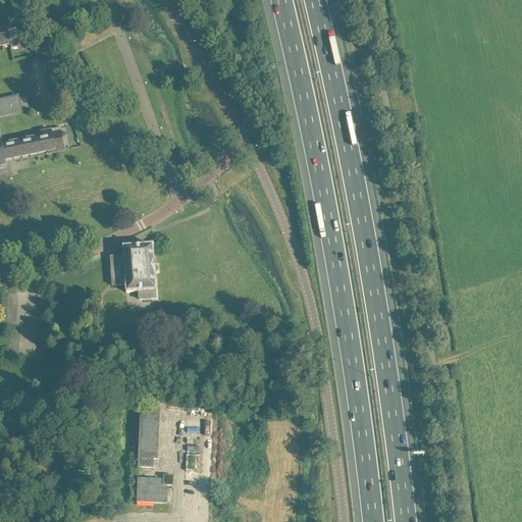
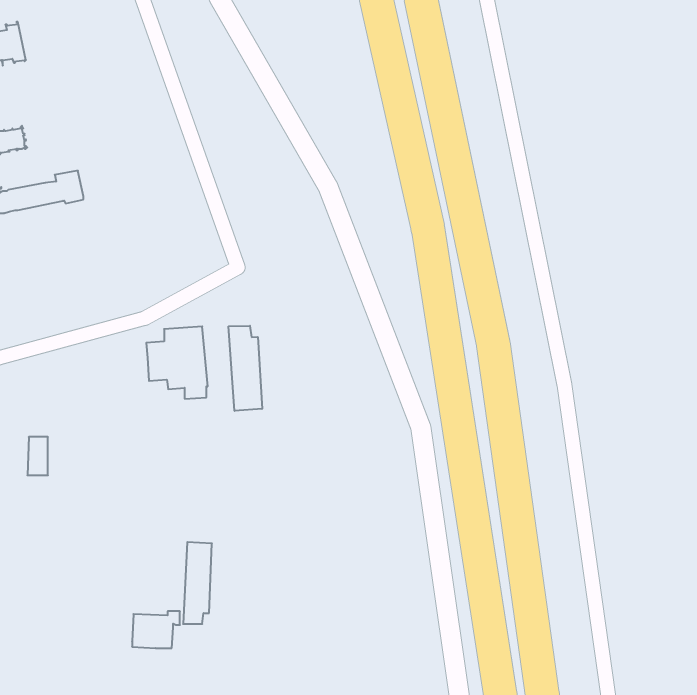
building: none -> [229,326,262,411]
building: [136,474,171,502] -> [132,611,180,648]

